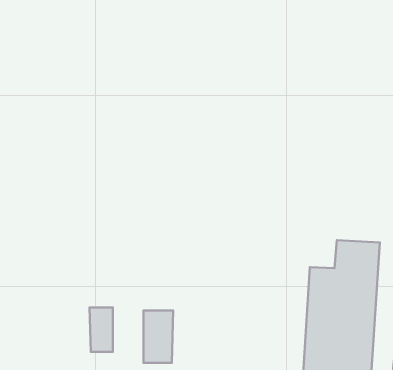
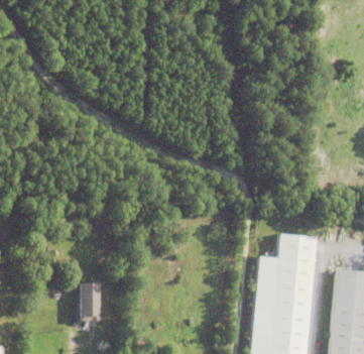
building: [144,311,173,363] -> none

